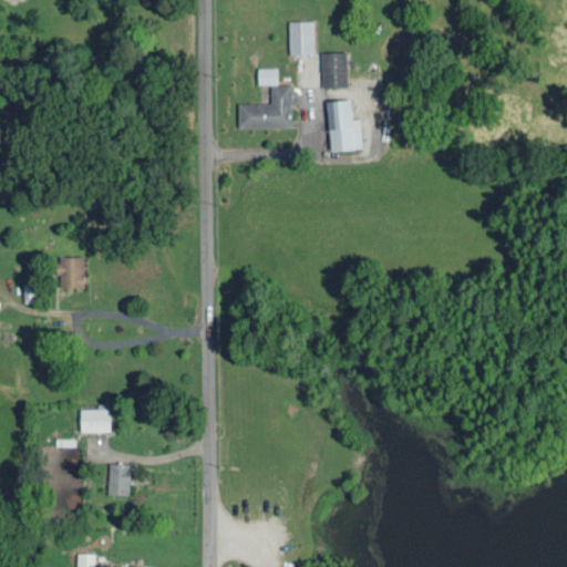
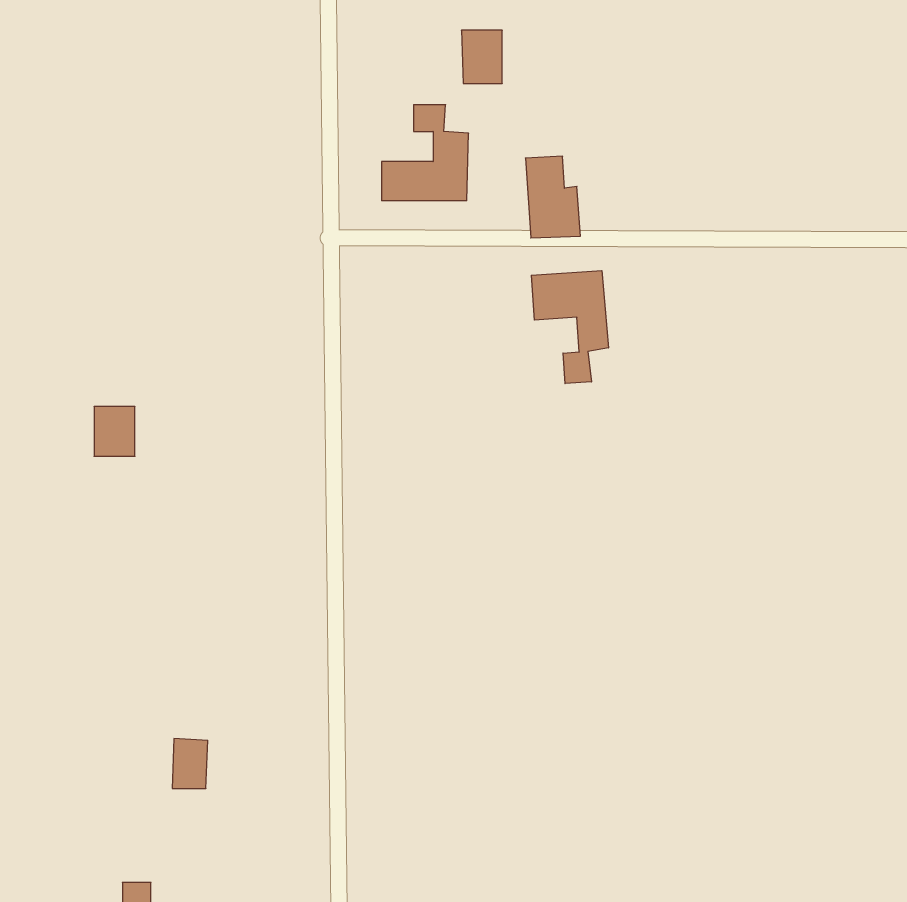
building: [321,53,348,89] -> none
building: none -> [531,271,608,384]
building: [80,410,110,433] -> none

